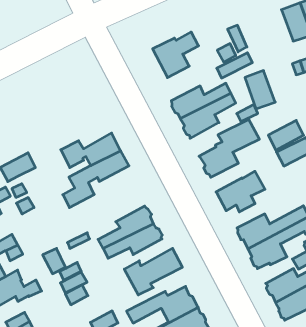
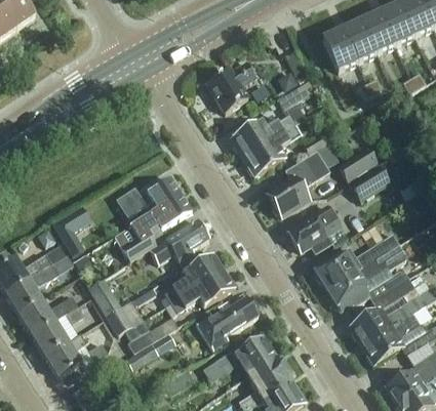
building: [245,71,275,109] -> [323,30,358,72]
building: none -> [151,221,209,263]
building: none -> [90,278,121,315]

